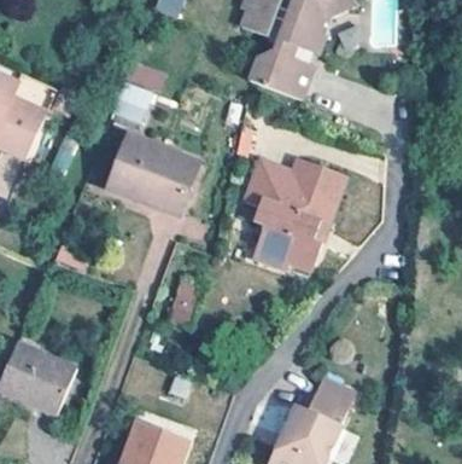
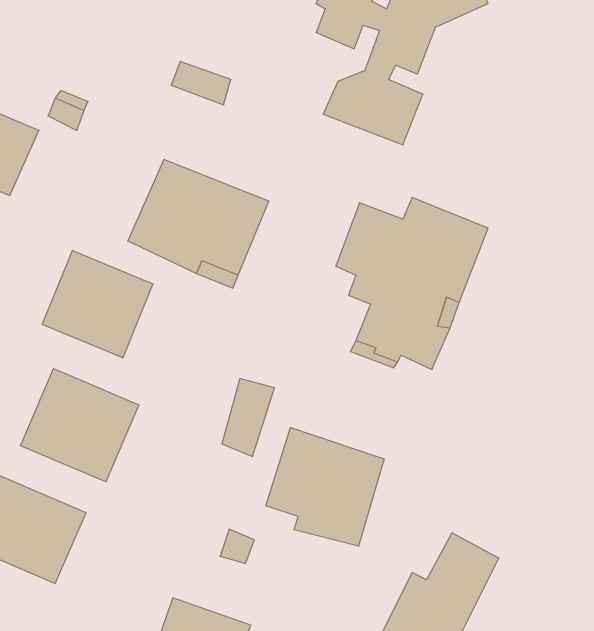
building: none -> [42,250,153,358]
building: none -> [20,369,139,482]
building: none -> [266,427,384,546]

